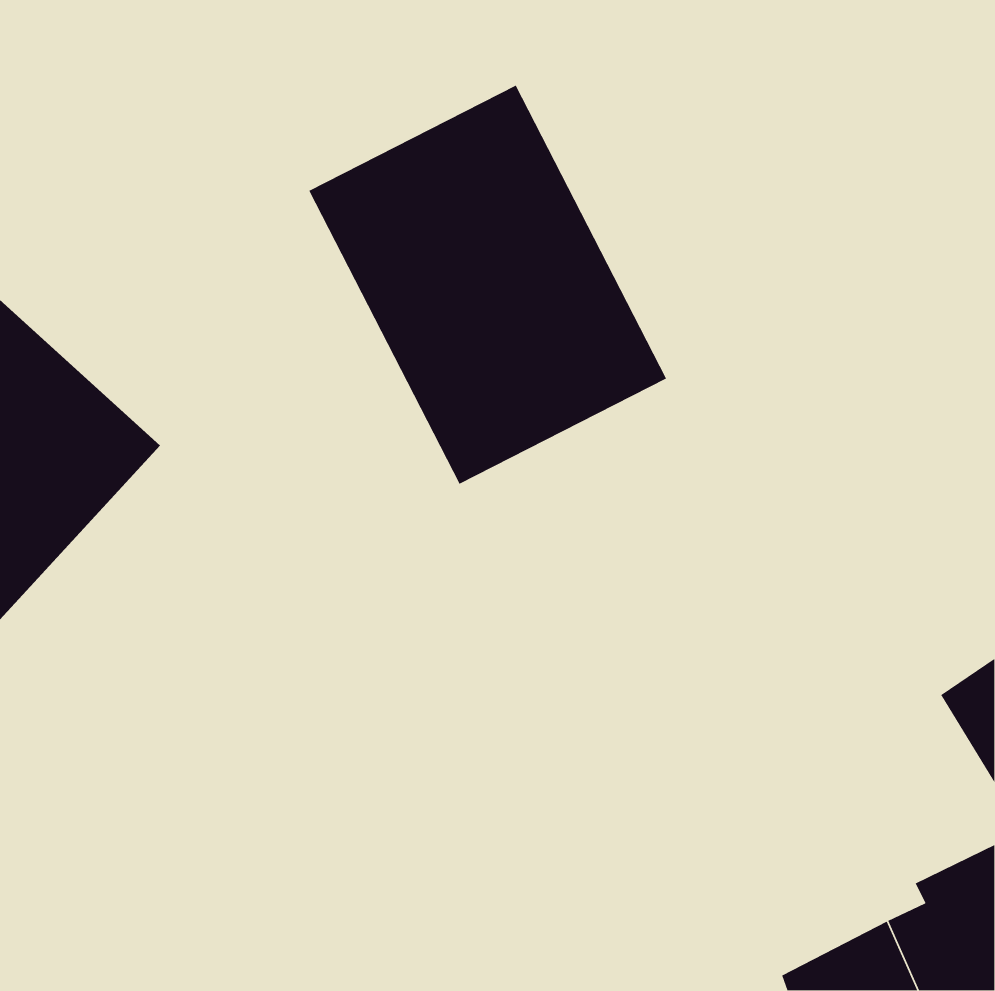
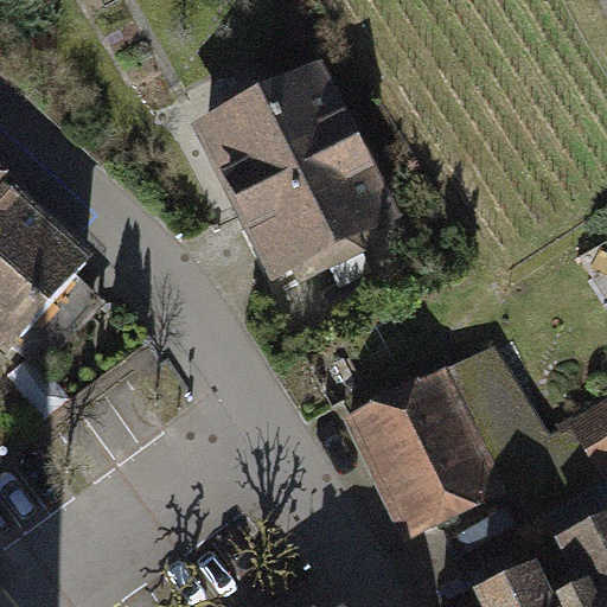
building: none -> [345,345,562,539]

